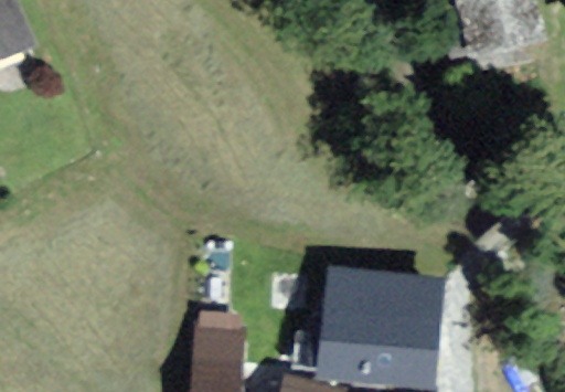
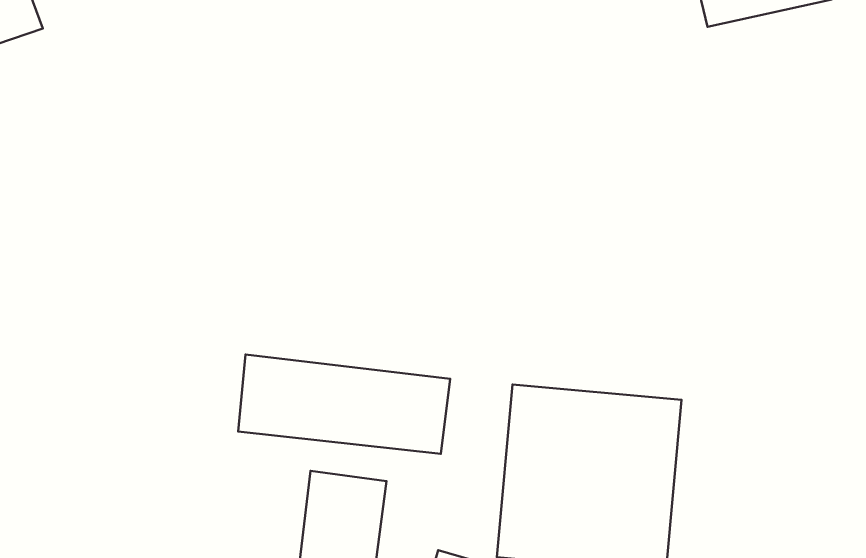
building: none -> [238,354,450,454]

